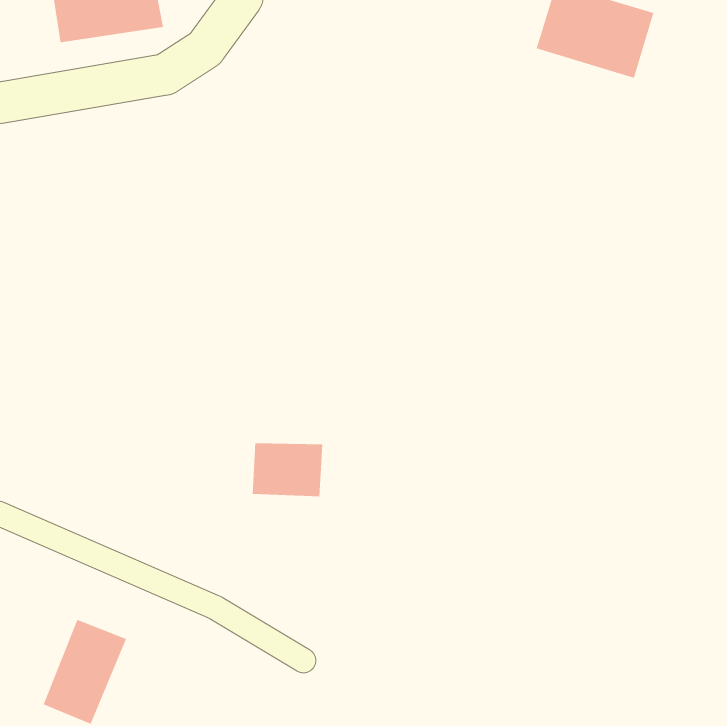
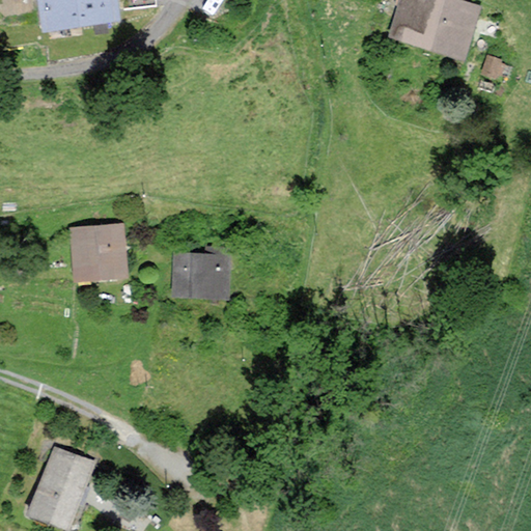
building: none -> [74,227,124,281]
building: [252,443,323,497] -> [174,257,226,297]

